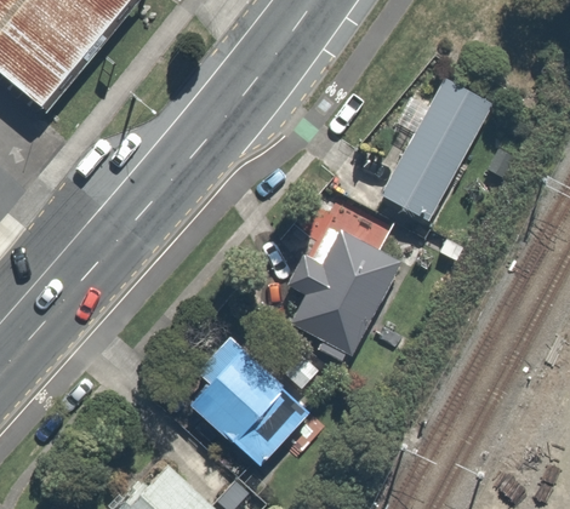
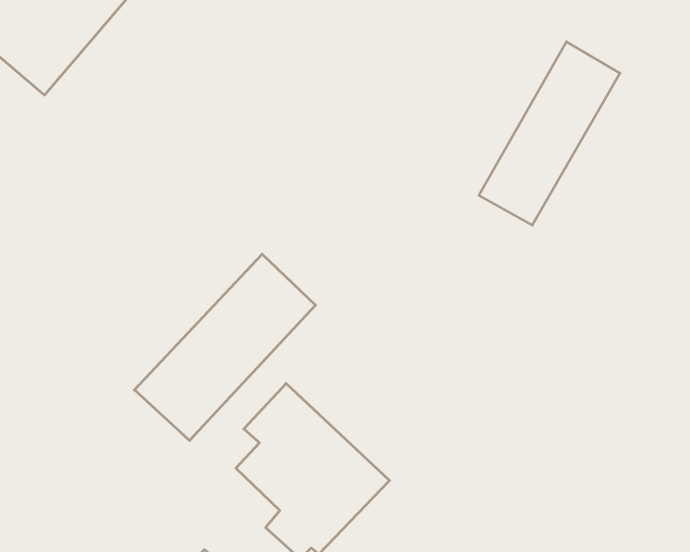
building: [286,231,399,353] -> none
building: none -> [134,254,316,441]

